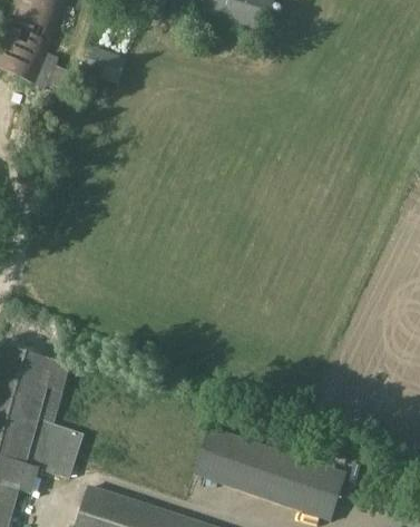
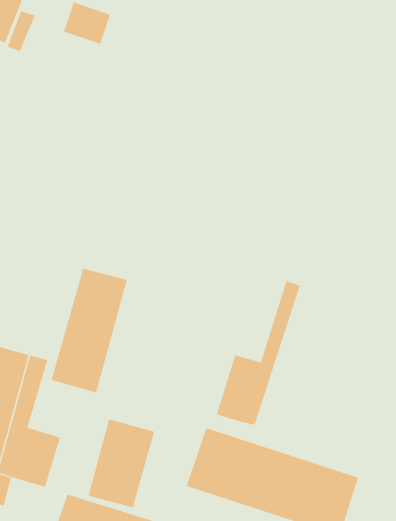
building: none -> [51,268,127,393]
building: none -> [216,280,300,426]
building: none -> [88,419,155,508]

